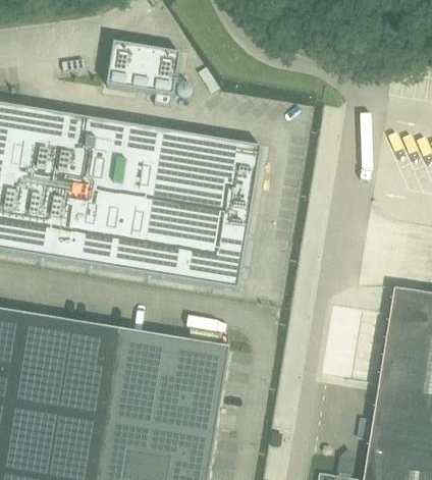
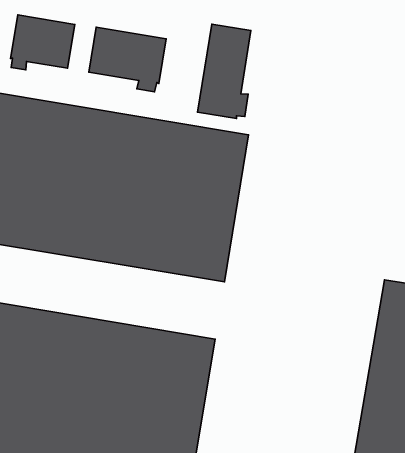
building: none -> [10,15,75,70]
building: none -> [198,24,251,119]

